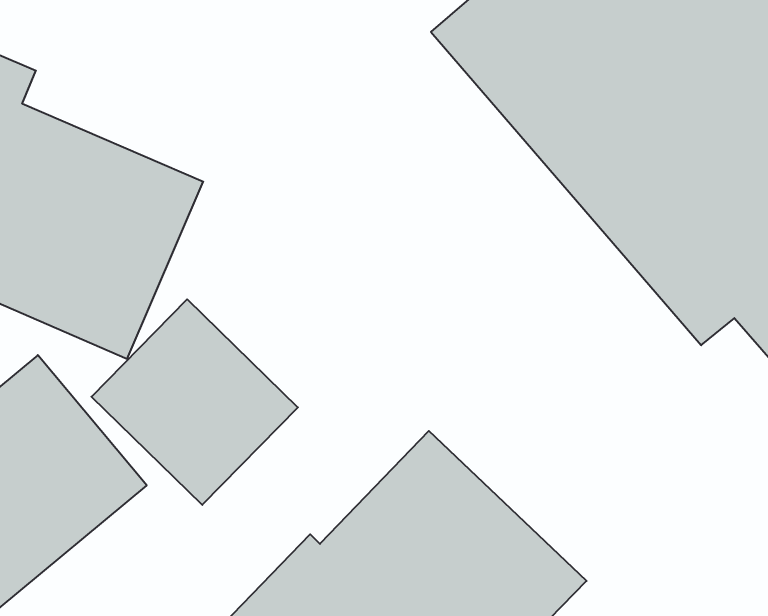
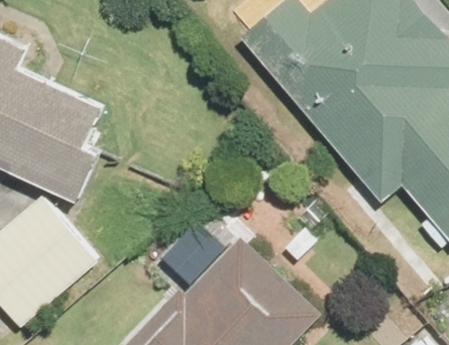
building: [91,299,298,505] -> none

